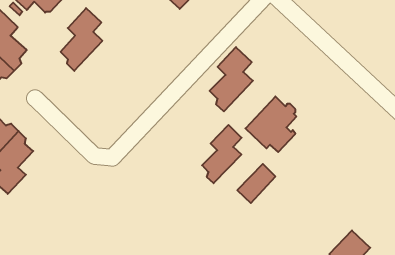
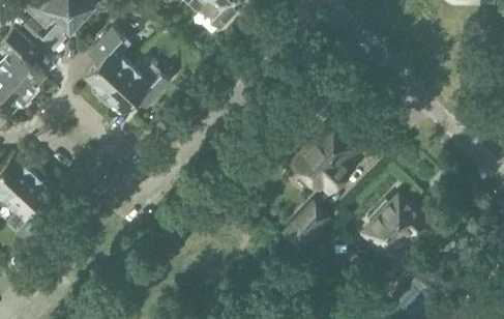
building: none -> [99,63,170,112]
building: [210,47,253,111] -> none
building: [202,125,242,183] -> none
building: none -> [363,195,431,265]

